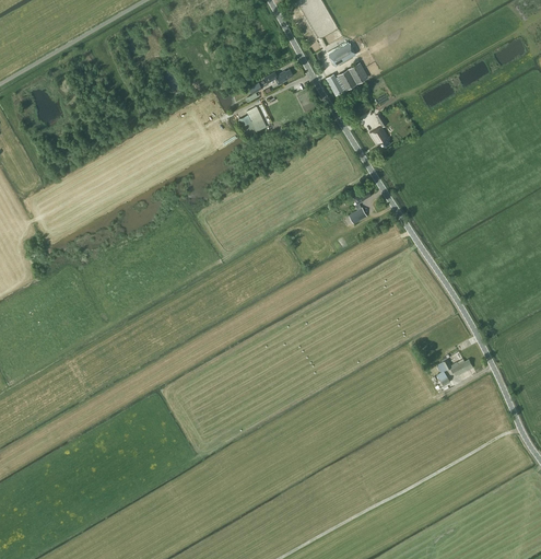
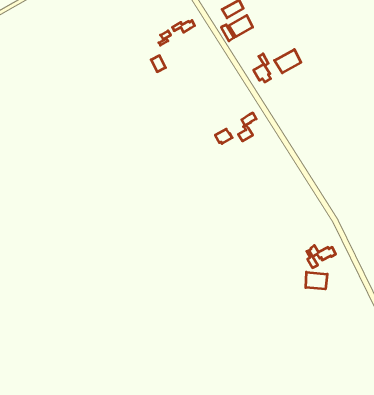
building: none -> [274,49,301,73]
building: none -> [306,272,327,289]

